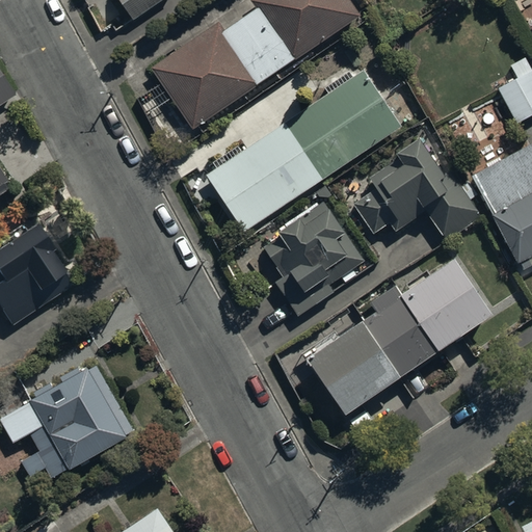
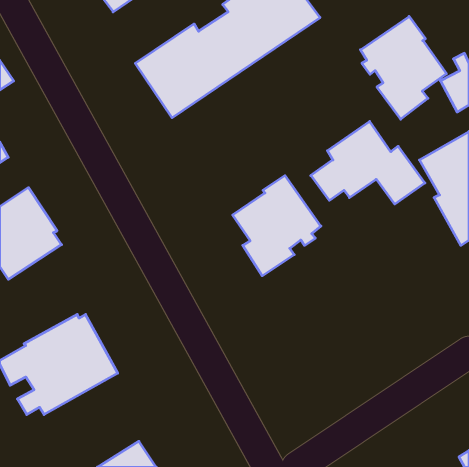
building: none -> [360,16,446,119]
building: [206,74,401,236] -> none
building: [308,261,494,418] -> none

